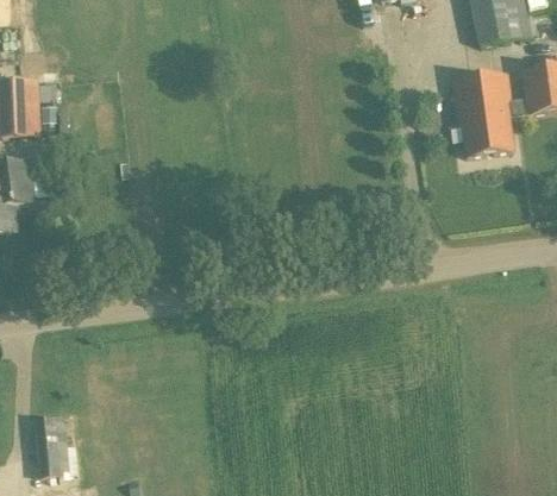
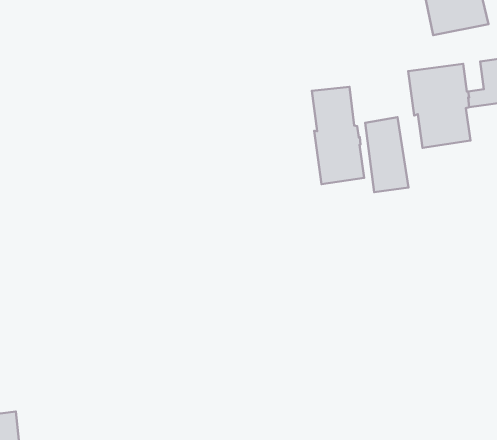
building: none -> [312,87,364,184]
building: none -> [365,117,409,192]

